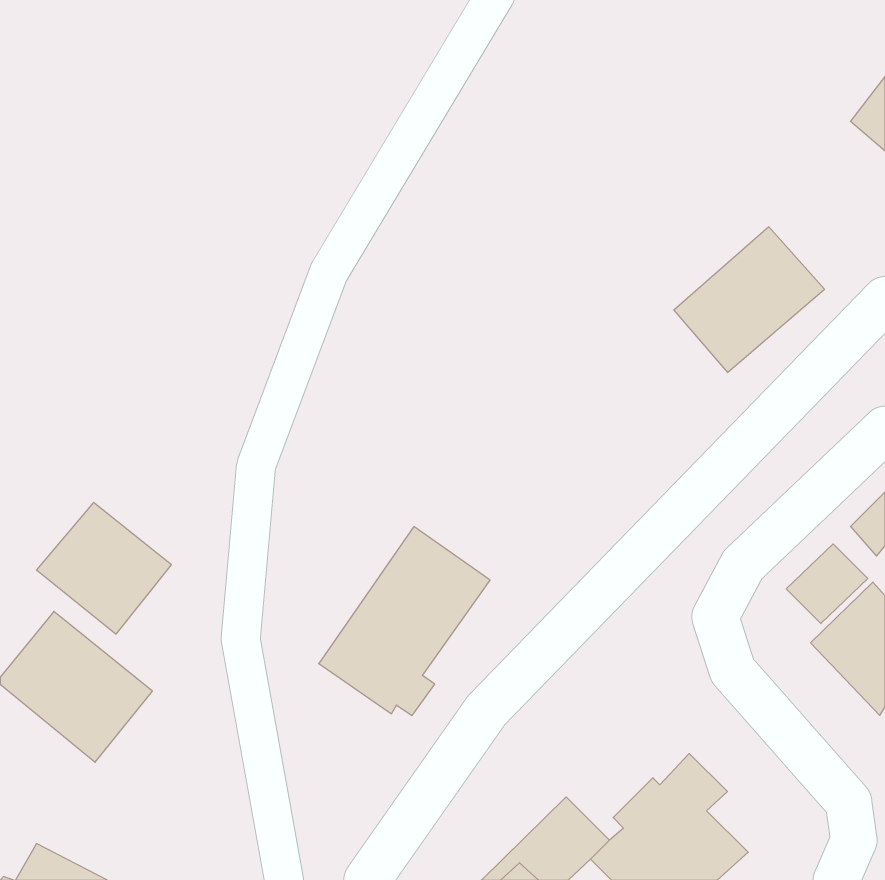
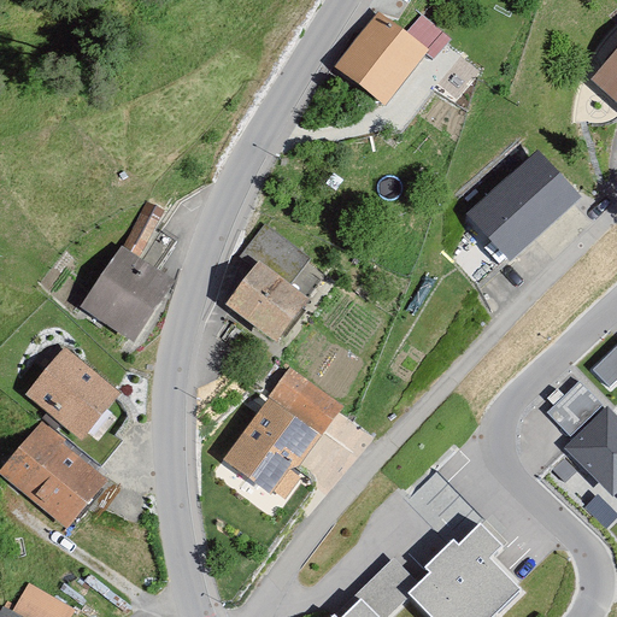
building: none -> [337,11,451,101]
building: none -> [82,199,174,337]
building: none -> [223,227,308,345]

